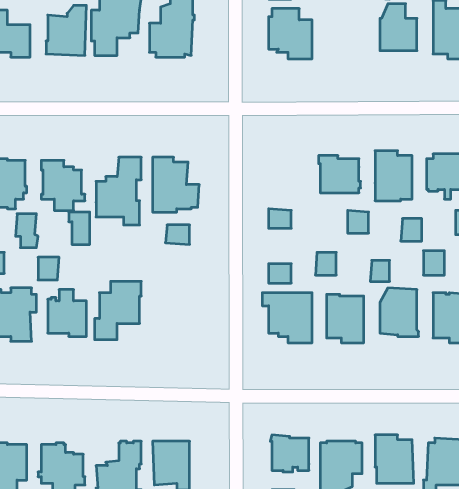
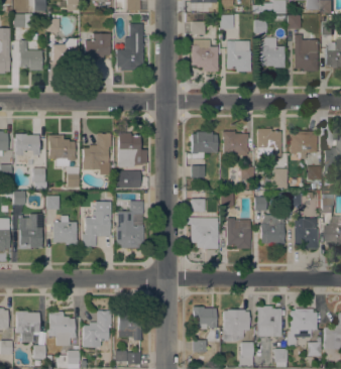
building: none -> [226,41,250,72]
building: none -> [192,132,217,158]
building: none -> [116,202,143,248]

